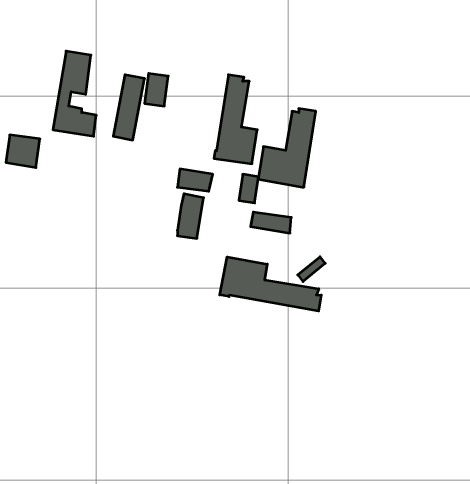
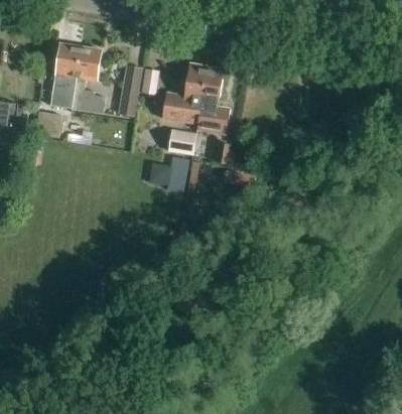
building: none -> [54,43,82,108]
building: [258,109,316,187] -> [162,63,207,124]
building: [220,257,321,311] -> none

